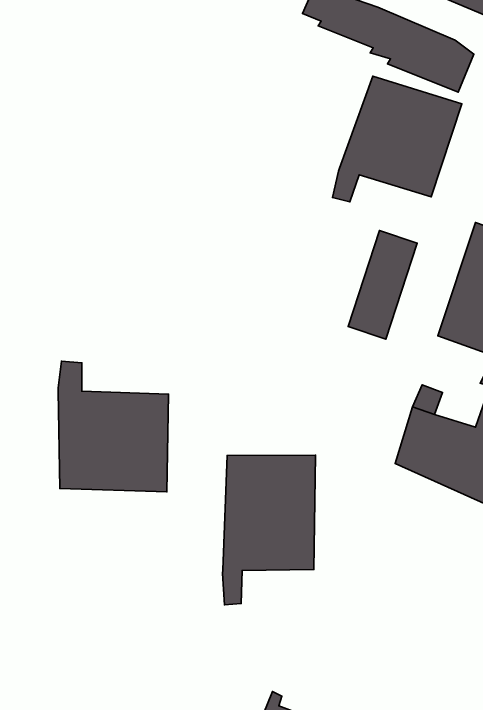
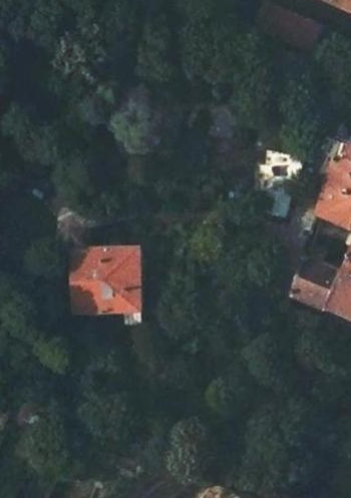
building: [332,76,462,202] -> none
building: [223,455,316,605] -> none

